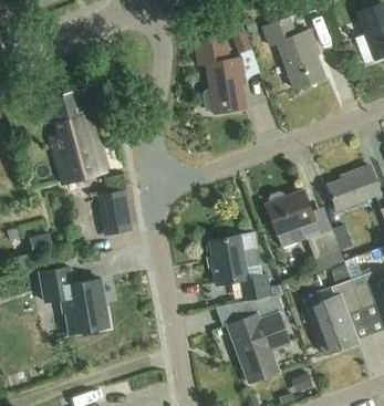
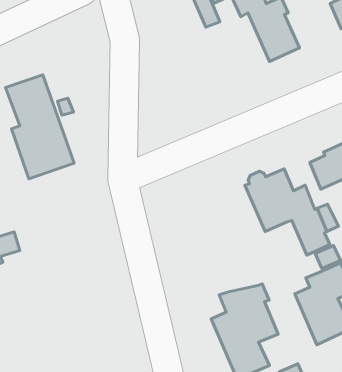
building: [194,40,247,115] -> none
building: [94,190,132,235] -> none
building: [210,236,272,302] -> none
building: [40,268,108,334] -> none

